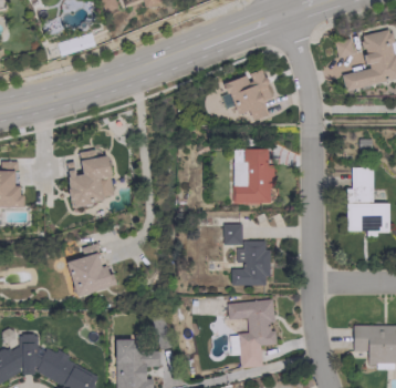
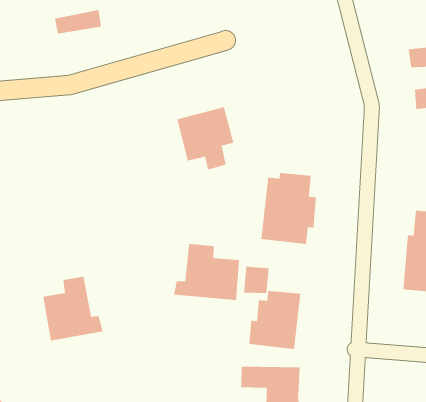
building: [226,70,272,121] -> [177,106,234,170]
building: [66,150,112,206] -> none
building: none -> [174,243,239,301]

